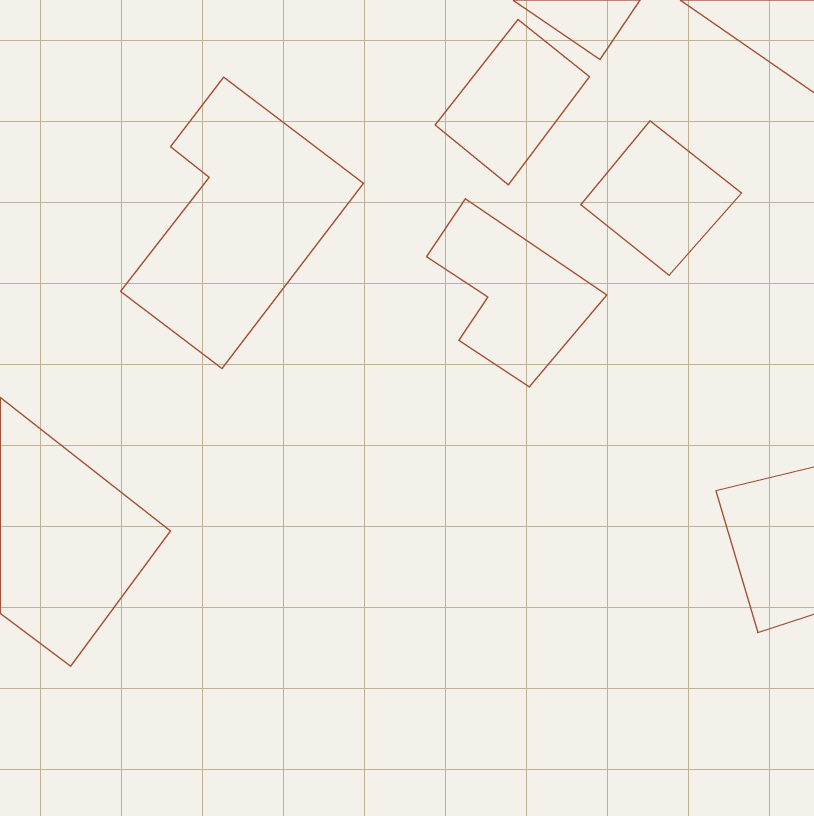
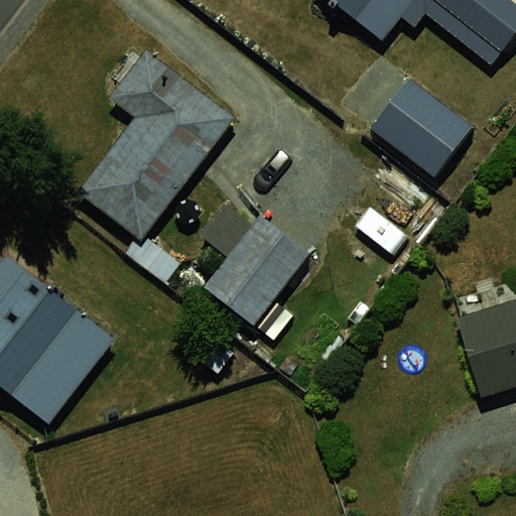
building: [435,19,589,185] -> none
building: [427,199,607,387] -> [192,200,305,317]

